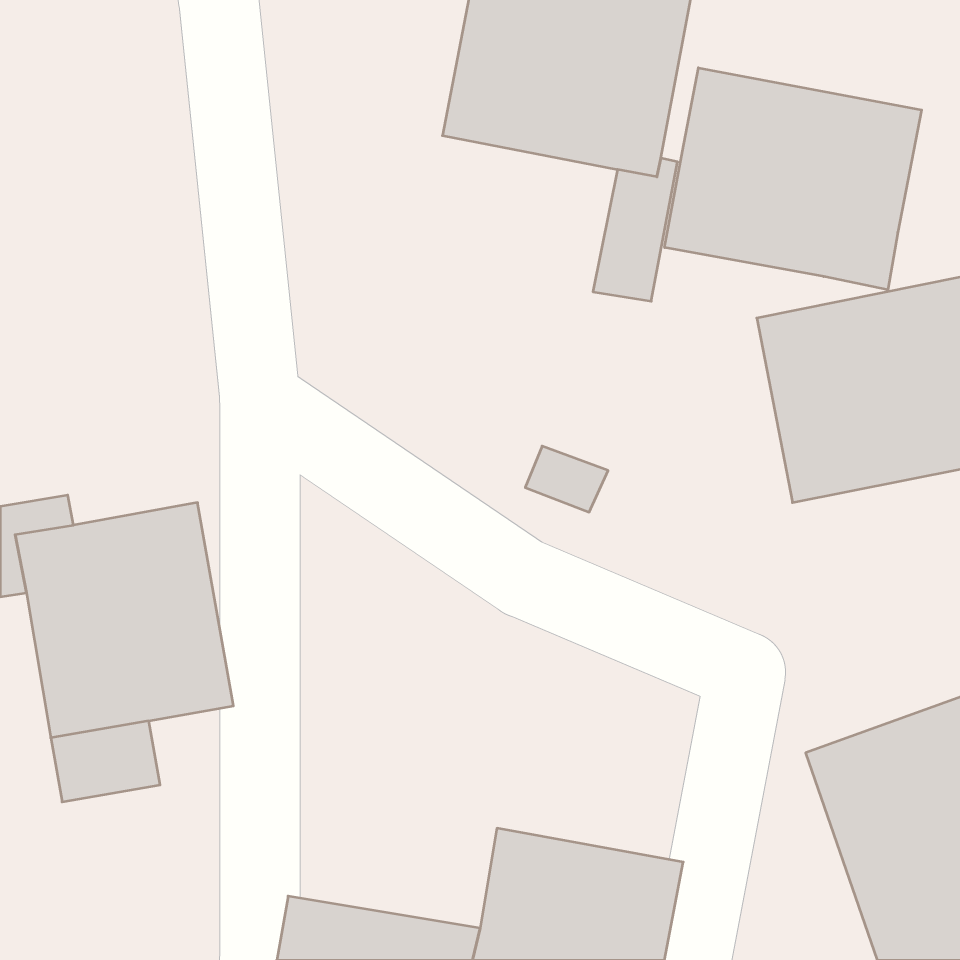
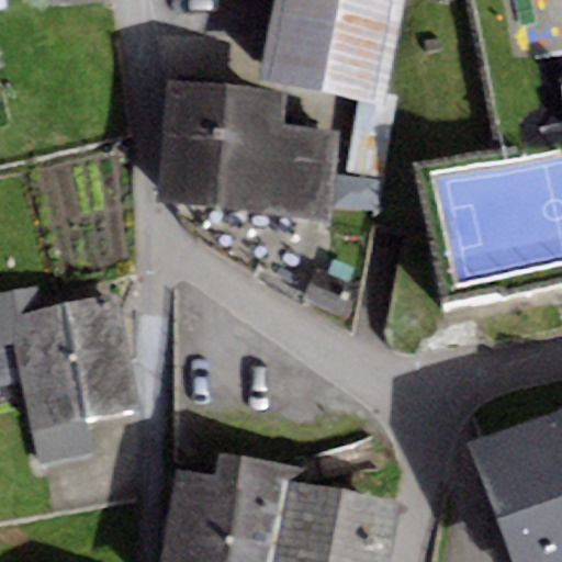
building: [665,68,922,290] -> none
building: none -> [156,79,338,220]
building: none -> [169,456,293,541]

